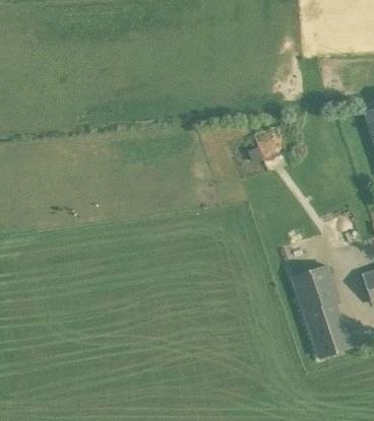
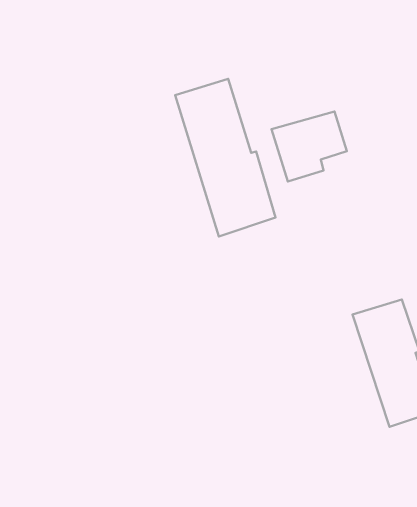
building: none -> [175,79,276,236]

